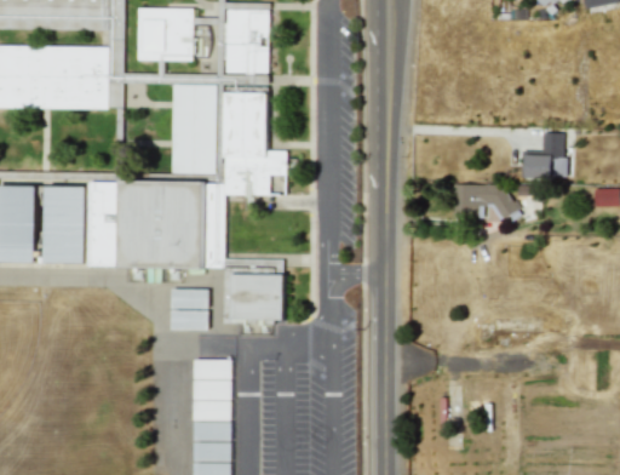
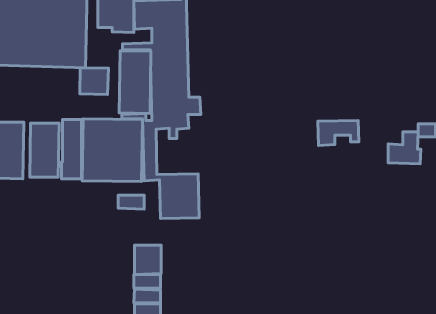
building: none -> [80,68,109,94]
building: [521,132,567,177] -> [388,132,421,164]
building: [170,309,207,330] -> none

